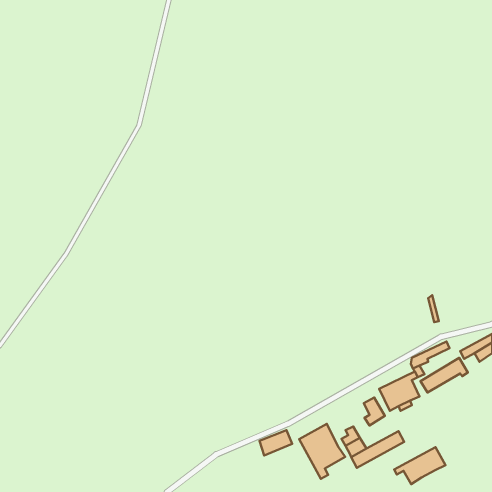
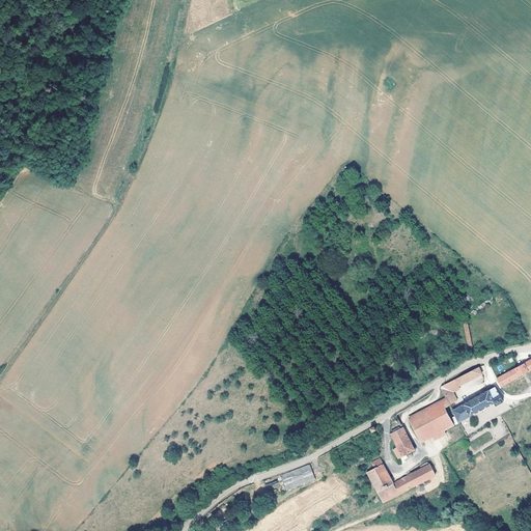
building: [299,424,345,479] -> none
building: [394,447,446,484] -> none

